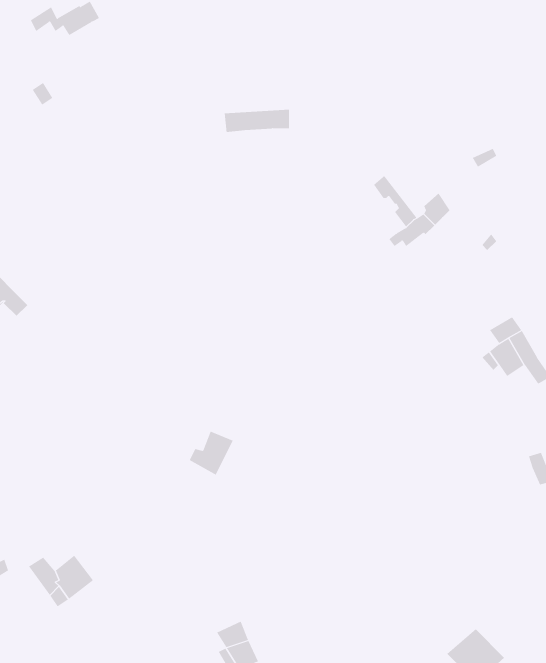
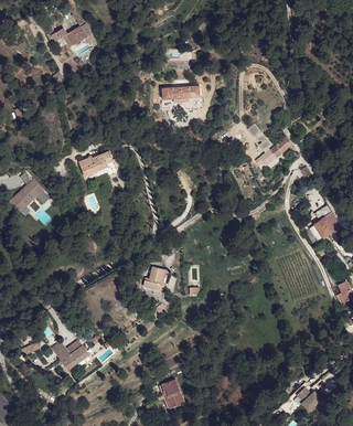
building: none -> [79,152,114,178]

